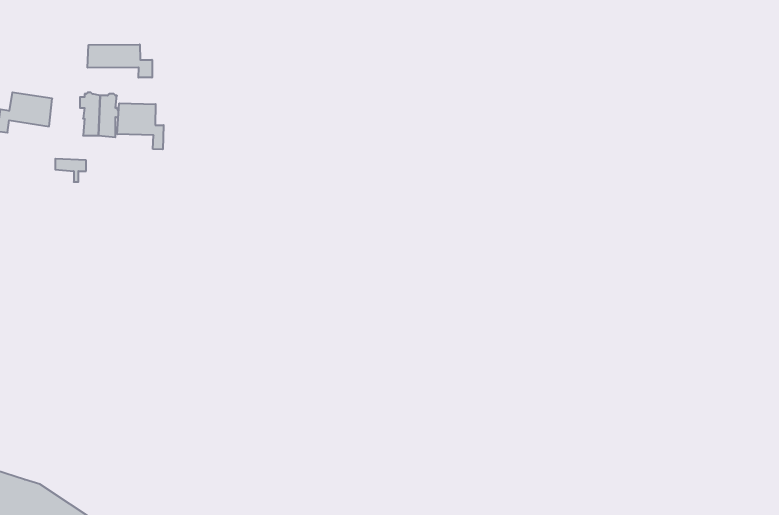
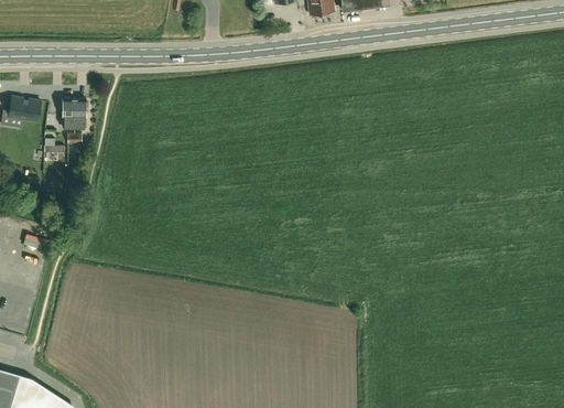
building: [88,44,152,78] -> none
building: [117,103,164,149] -> none

